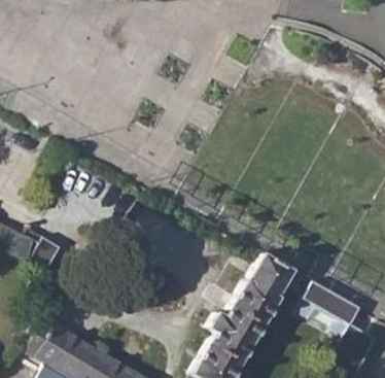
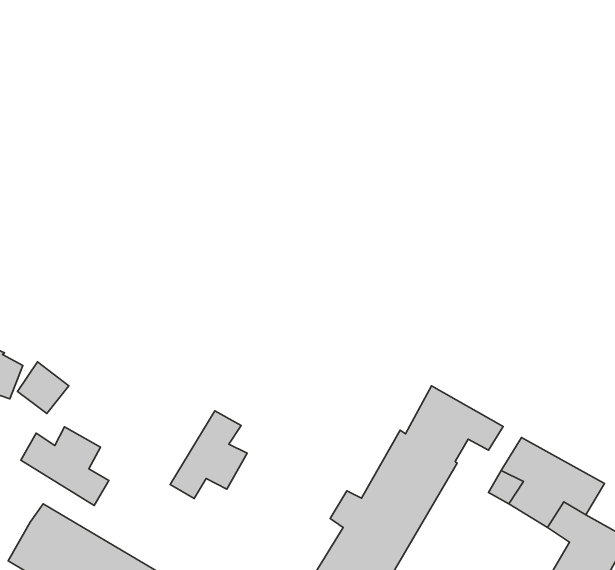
building: none -> [170,411,247,498]
building: none -> [21,427,109,506]

